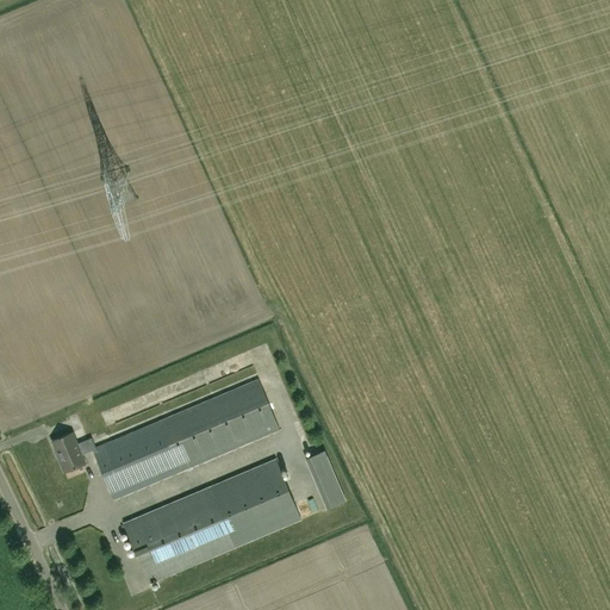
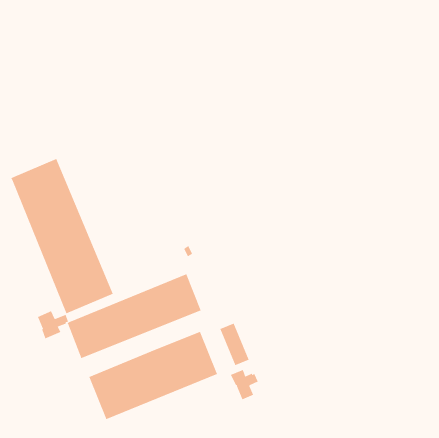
building: none -> [10,158,113,314]
building: none -> [230,369,259,400]

